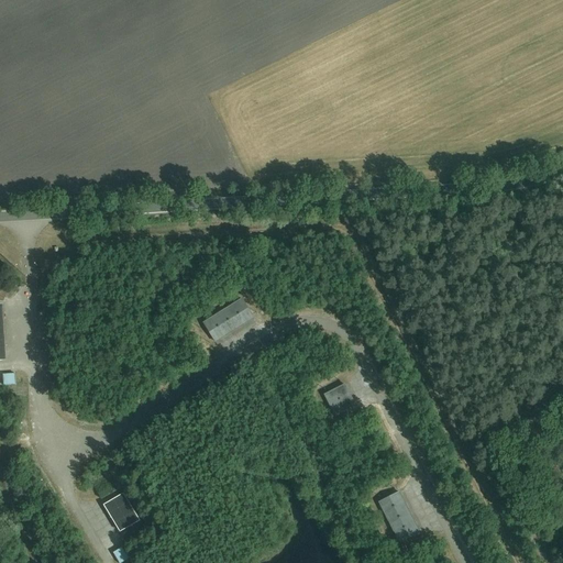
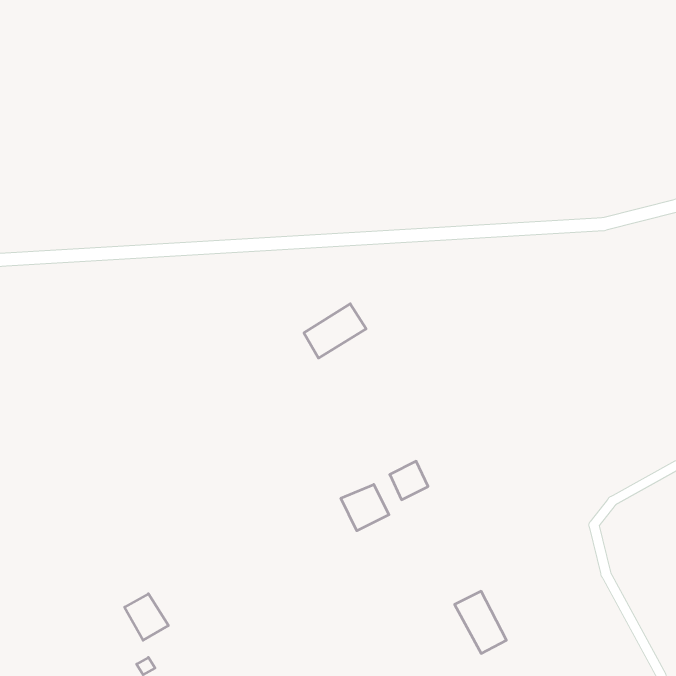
building: [203,297,255,342] -> [304,304,366,358]
building: none -> [341,484,389,531]

